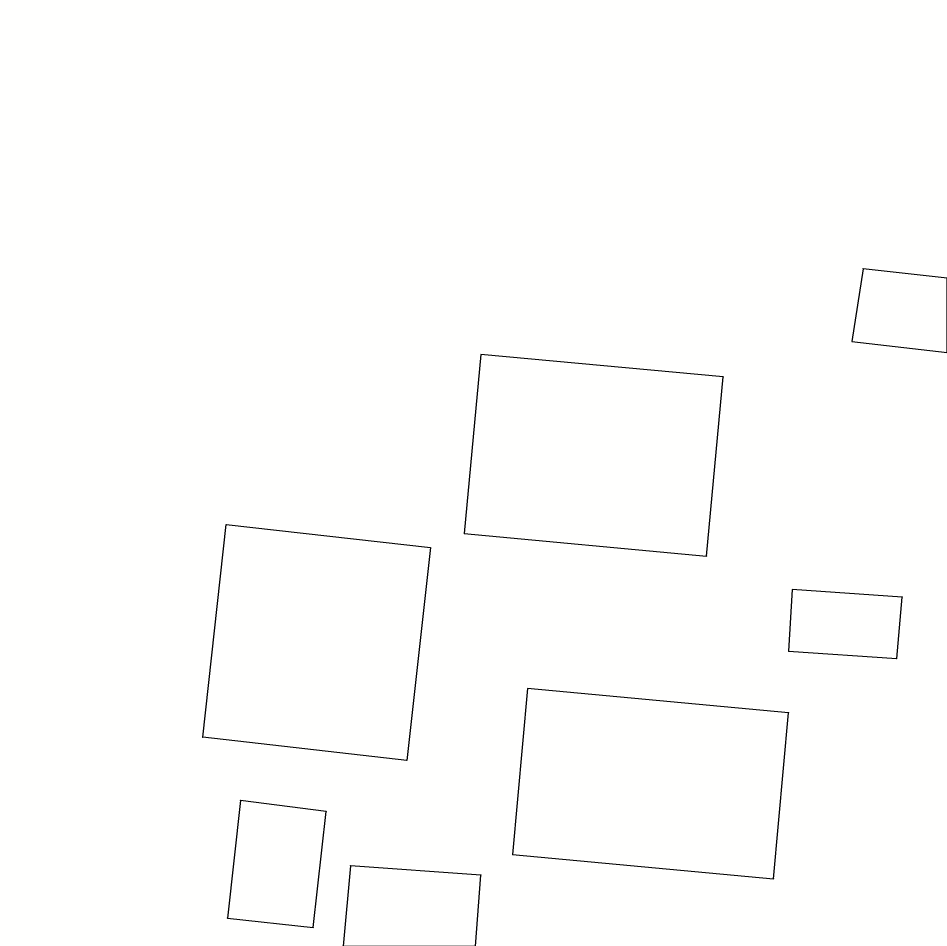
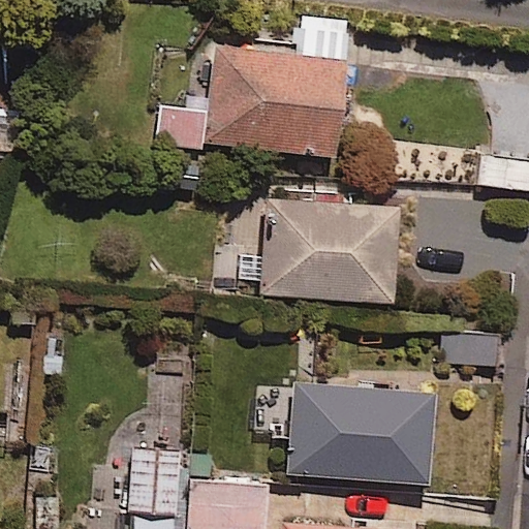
building: none -> [153,9,354,168]
building: [203,525,430,760] -> none

